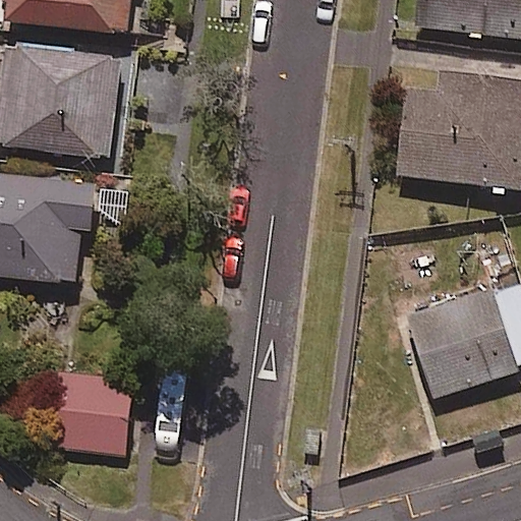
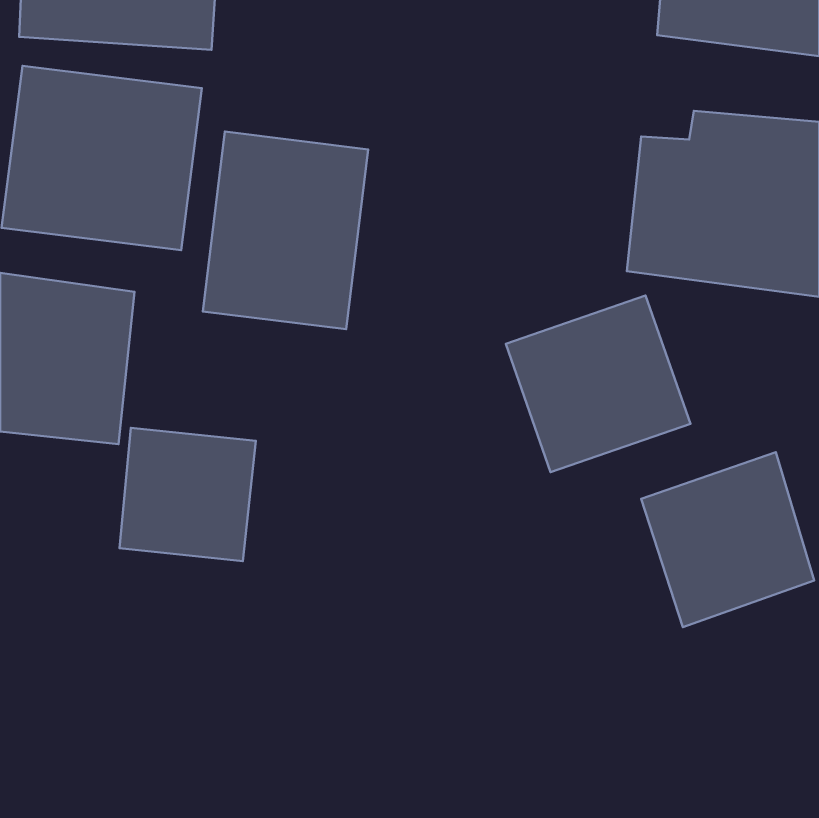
building: none -> [203,131,368,329]
building: none -> [506,295,690,472]
building: [47,370,133,455] -> [120,428,256,561]

